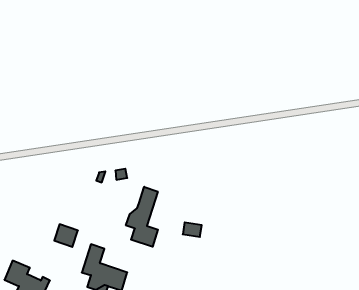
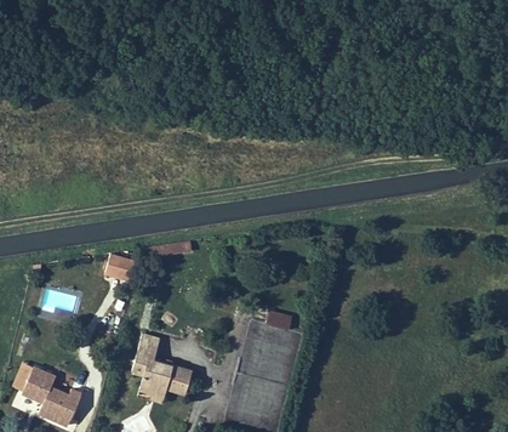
building: [126,187,158,247] -> none
building: [54,224,78,247] -> [101,254,132,284]

